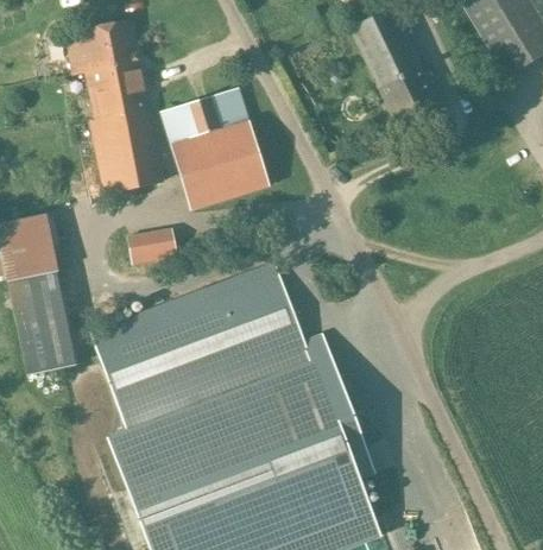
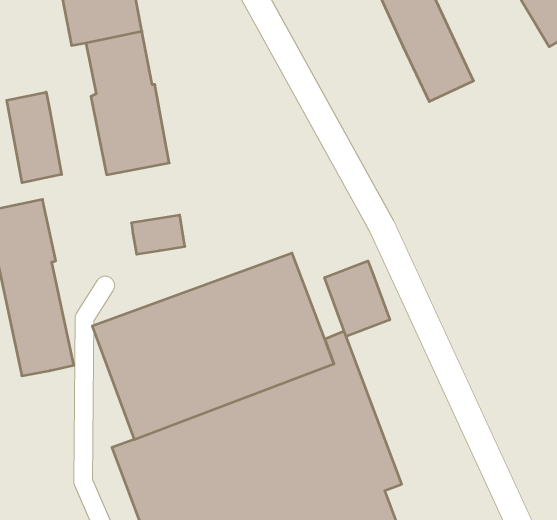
building: [160,90,269,211] -> none
building: none -> [7,92,62,183]
building: none -> [325,261,390,336]

